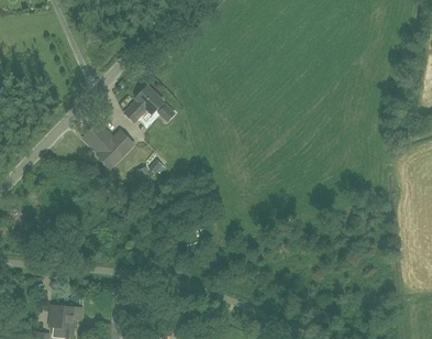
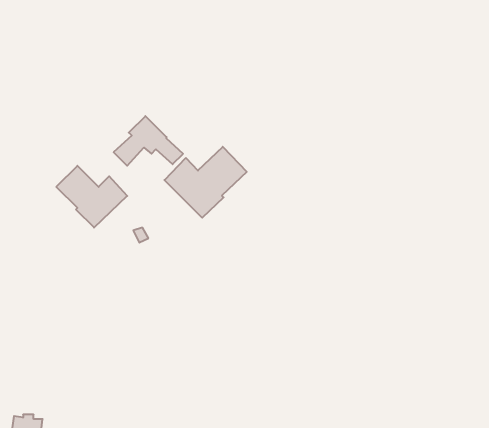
building: none -> [164,147,247,218]

